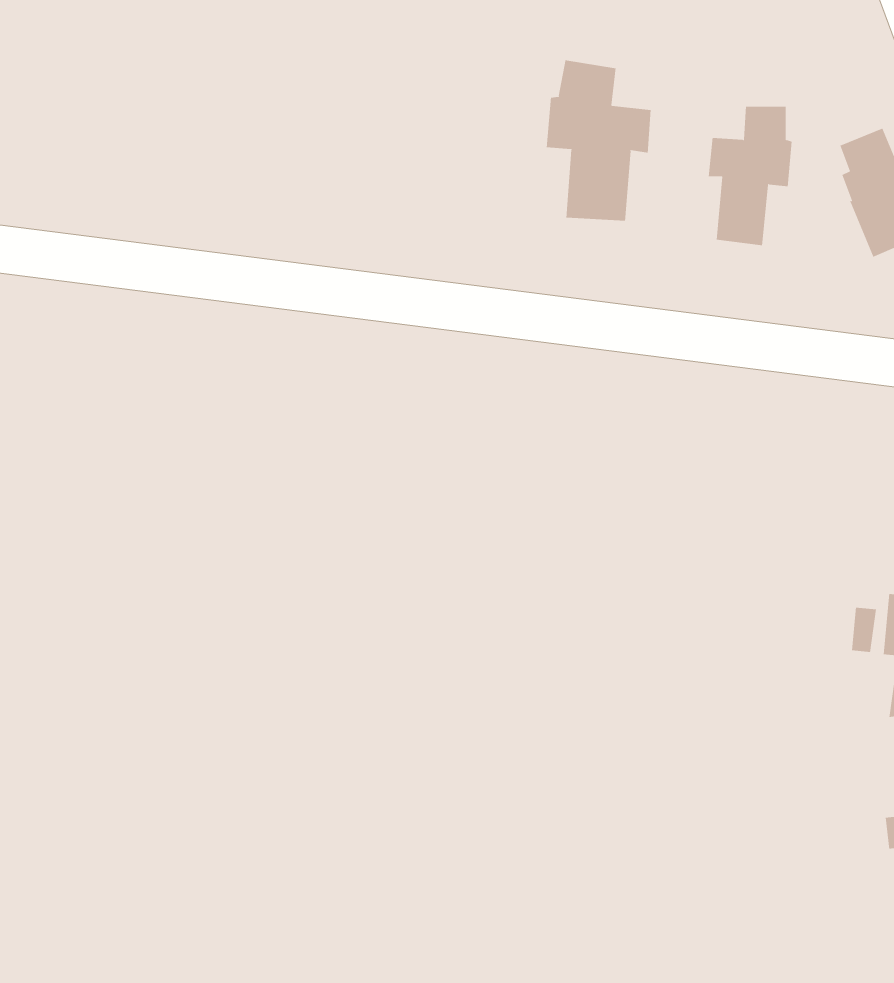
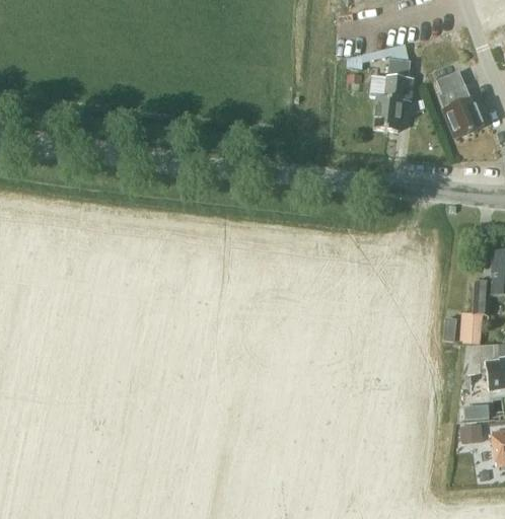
building: [546,59,651,221] -> none

